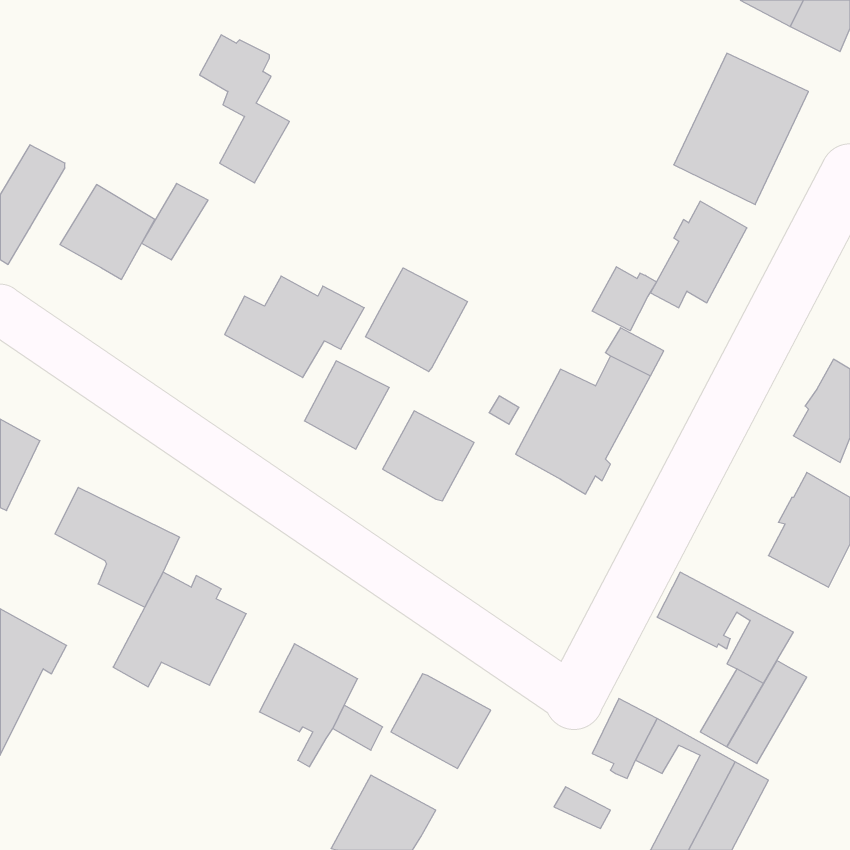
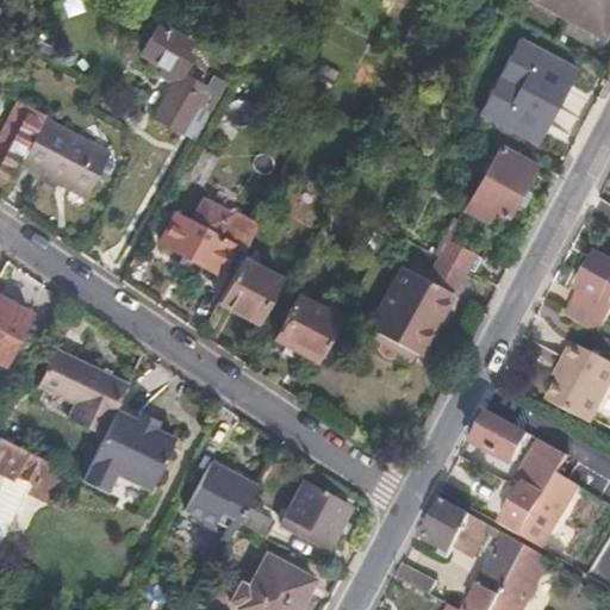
building: [142,183,208,260] -> [21,120,69,175]
building: [592,267,656,331] -> none
building: [366,268,467,372] -> none

